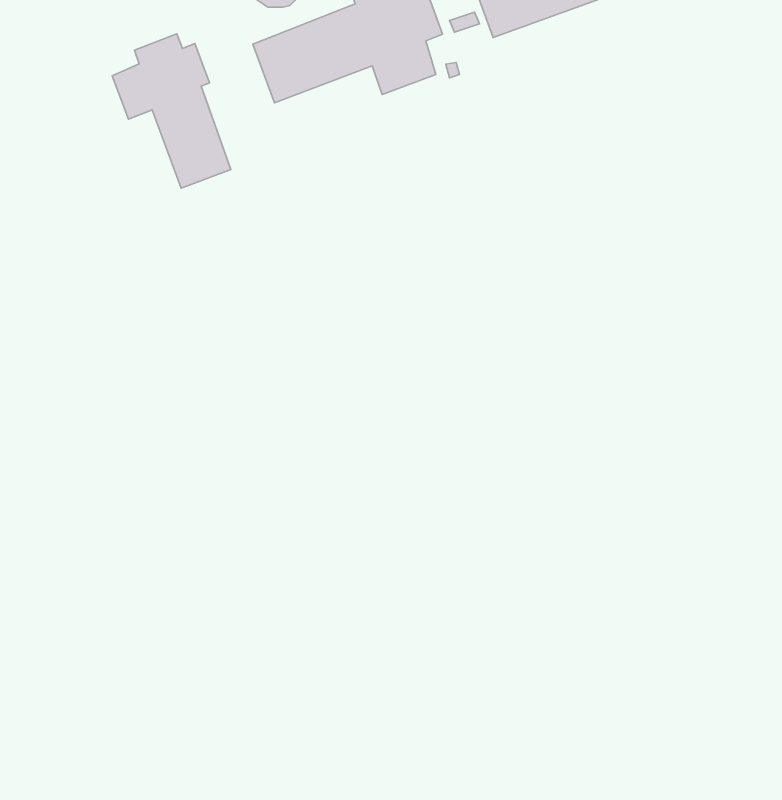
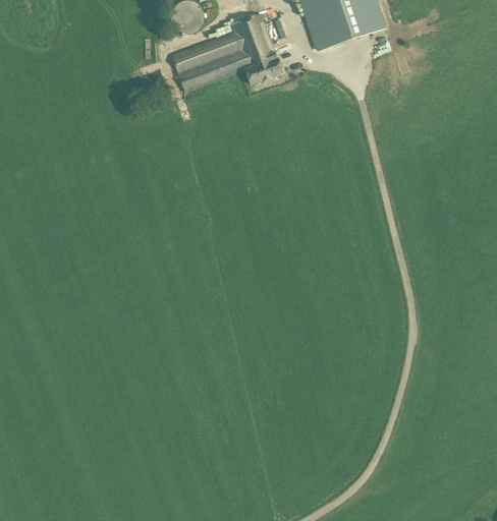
building: [112,34,231,188] -> none

